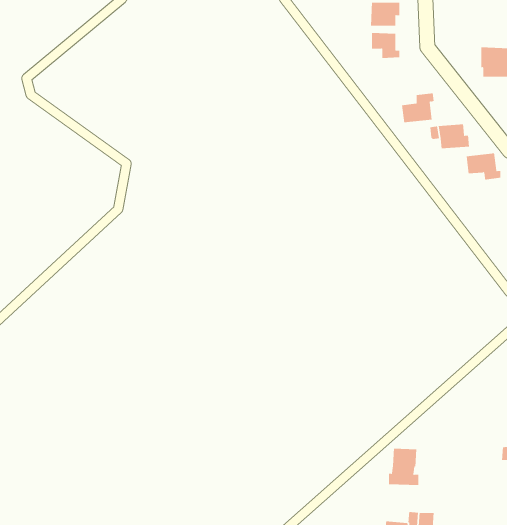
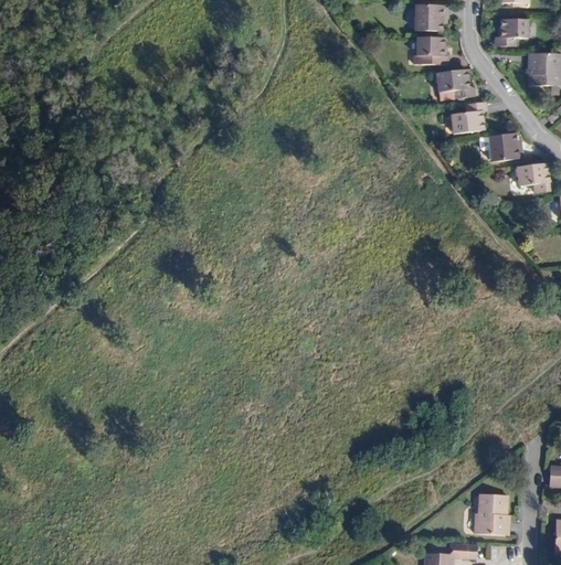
building: none -> [496,17,527,43]
building: none -> [434,68,472,99]
building: [388,448,419,486] -> [478,498,511,537]

